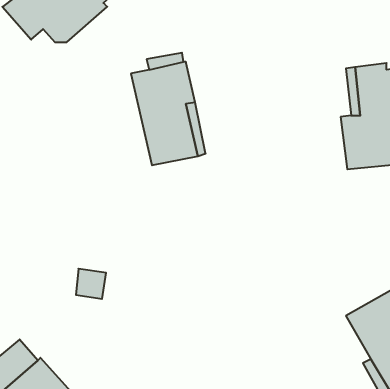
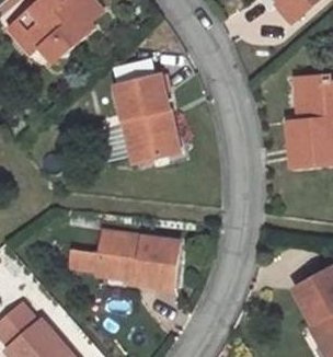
building: none -> [97,230,179,287]

